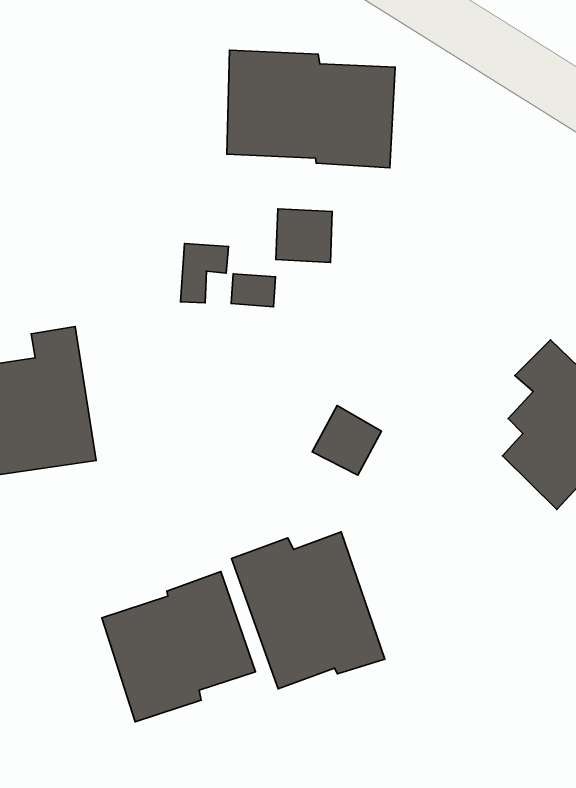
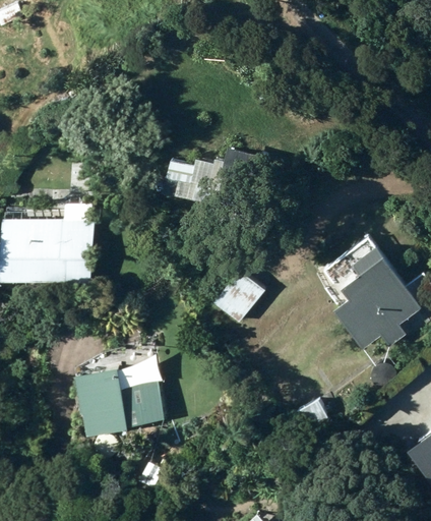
building: [227,50,395,168] -> none
building: [232,532,385,689] -> none

